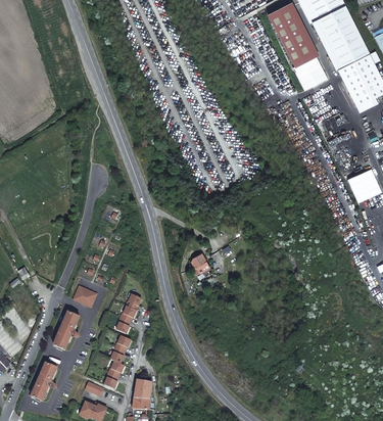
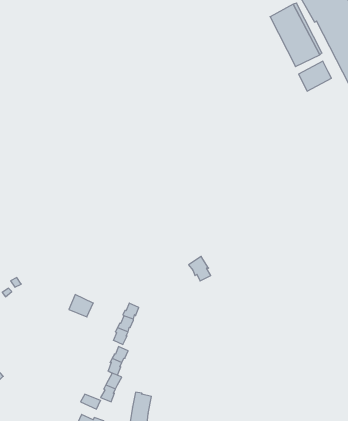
building: [52,311,79,349] -> none
building: [31,362,56,400] -> none

